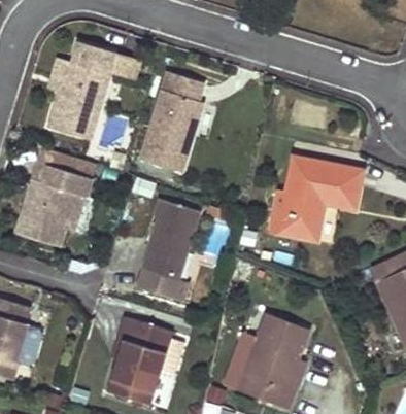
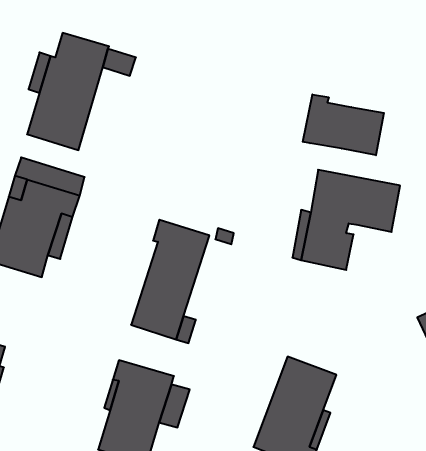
building: [140,71,201,172] -> none
building: none -> [303,94,384,155]

